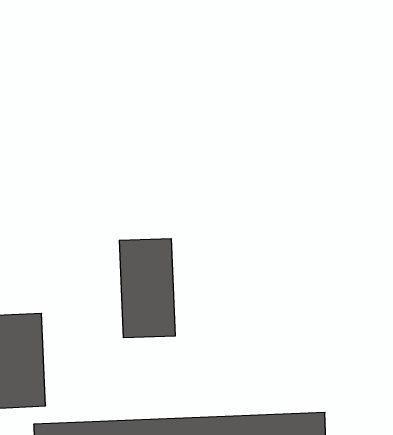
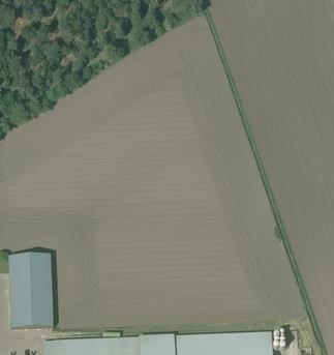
building: [119,239,175,338] -> none

